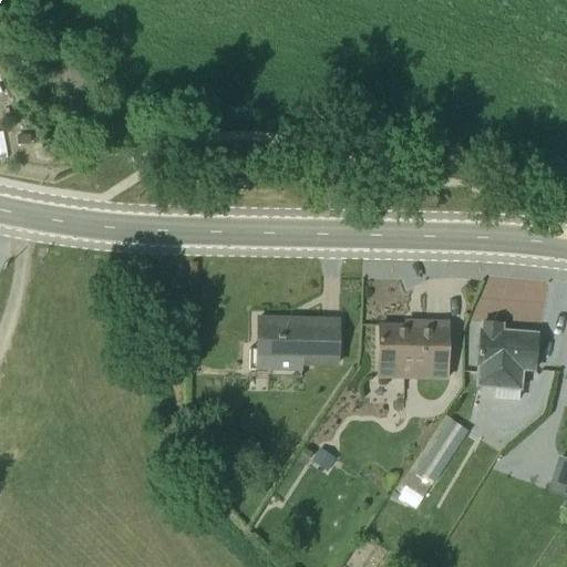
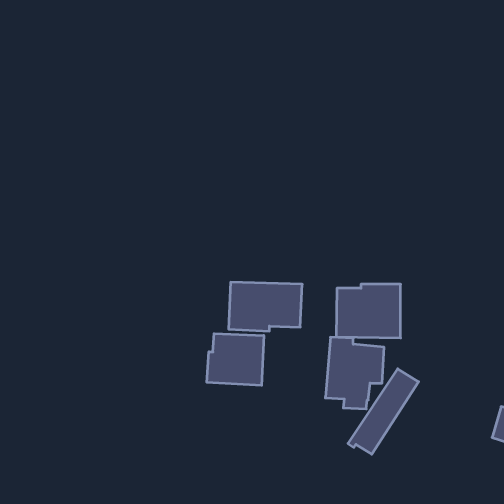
building: [476,318,542,398] -> [325,337,384,409]
building: none -> [207,334,264,385]

